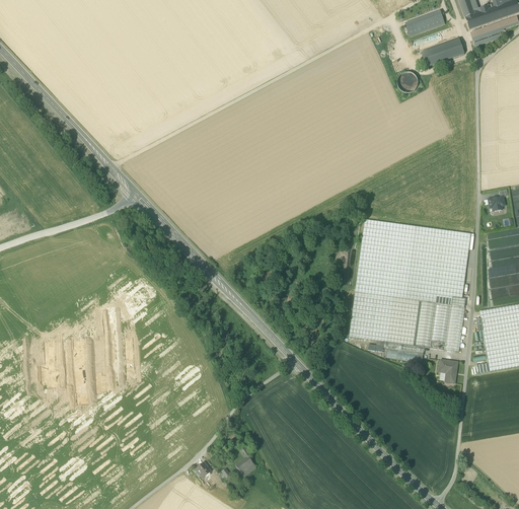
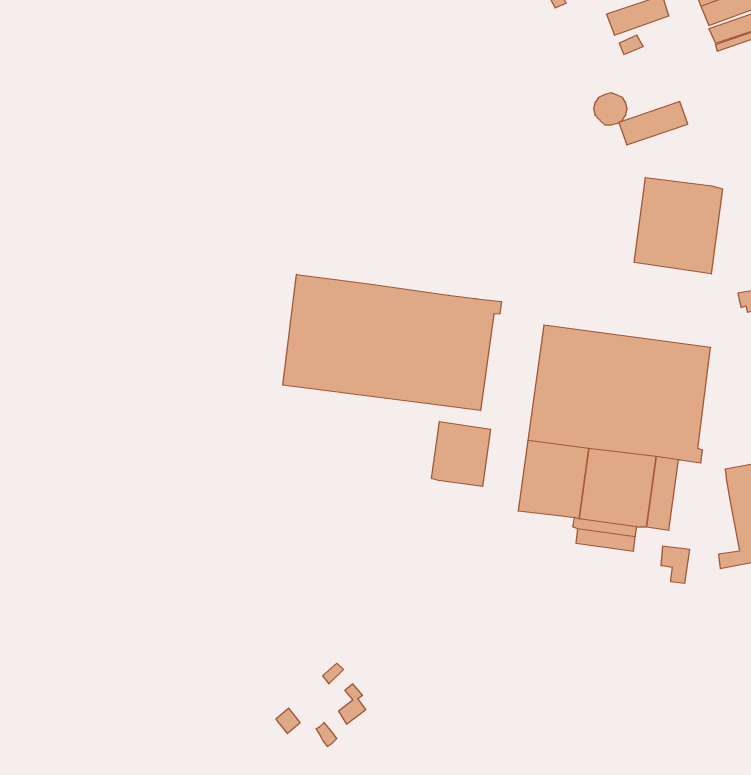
building: [421,38,464,65] -> [619,102,688,145]
building: none -> [634,177,723,274]
building: none -> [283,274,502,411]
building: none -> [432,421,490,486]
building: [445,303,465,350] -> none

